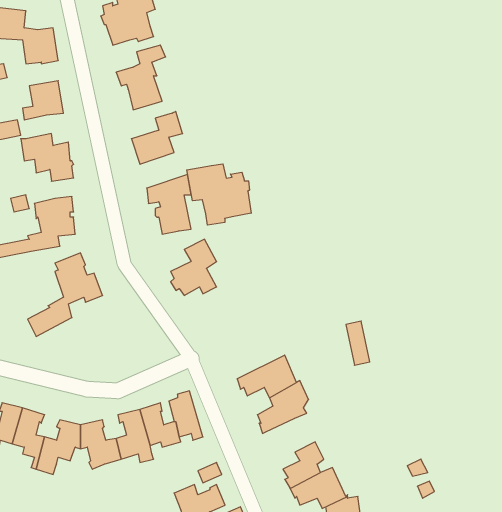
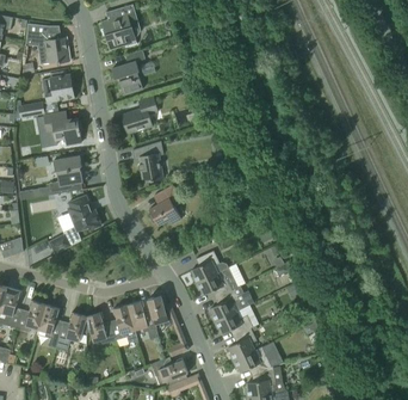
building: [187,164,251,225] -> none
building: none -> [191,251,229,284]
building: none -> [214,312,253,336]

